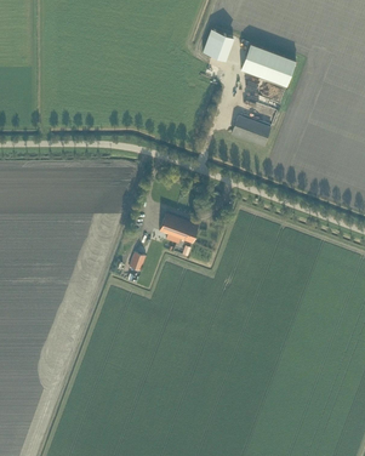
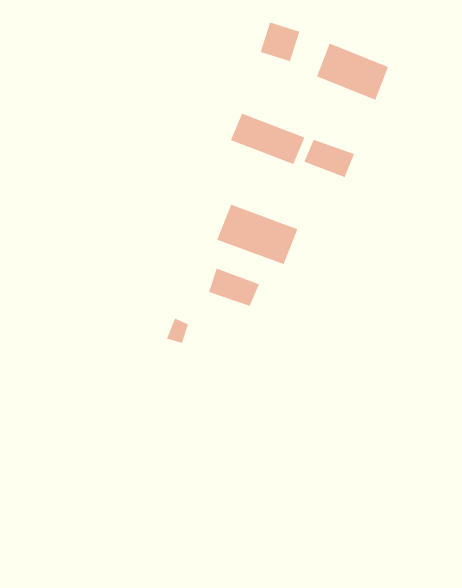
building: none -> [230,113,305,165]
building: none -> [217,204,298,265]

